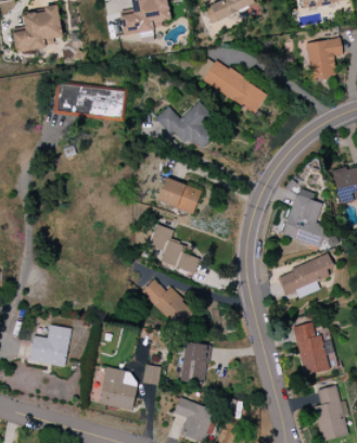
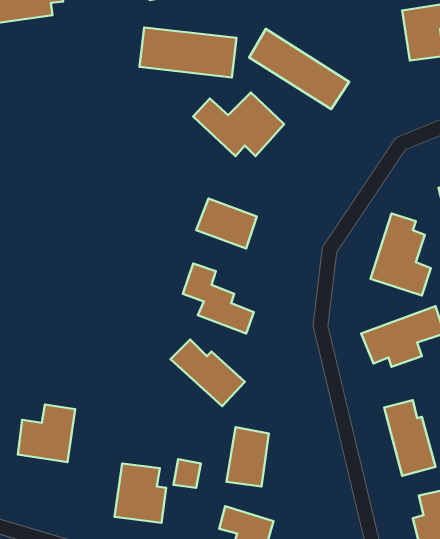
building: [55,84,125,119] -> [140,27,236,77]

